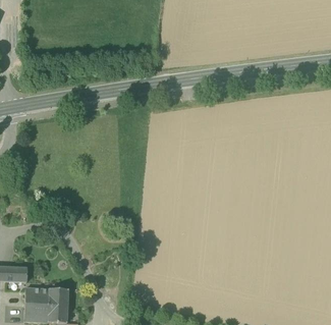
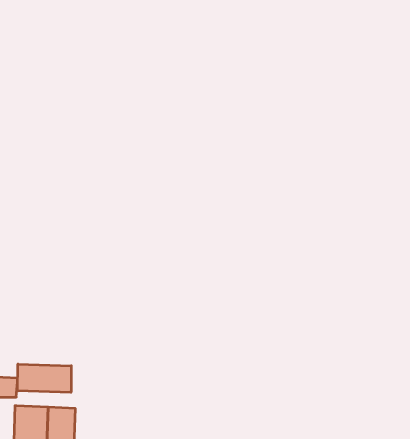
building: none -> [18,364,71,392]

